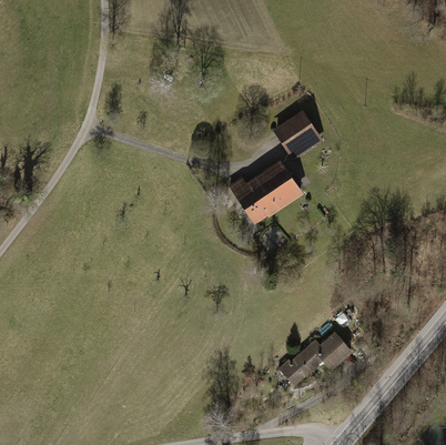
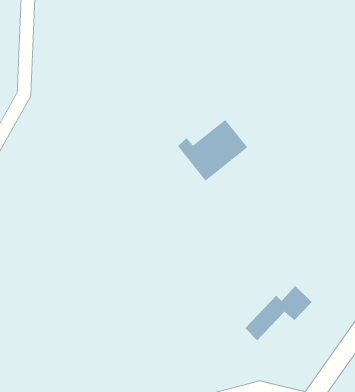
building: [276,114,321,158] -> none

